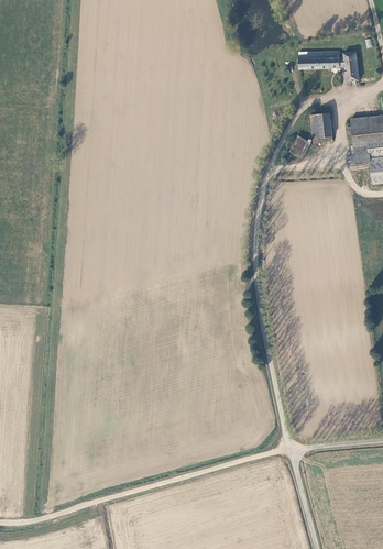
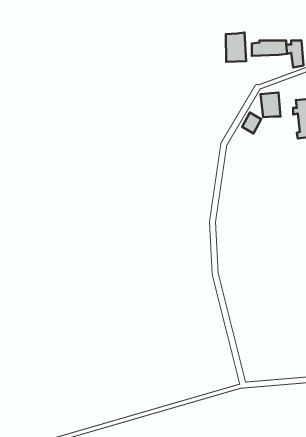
building: none -> [226,32,246,62]

